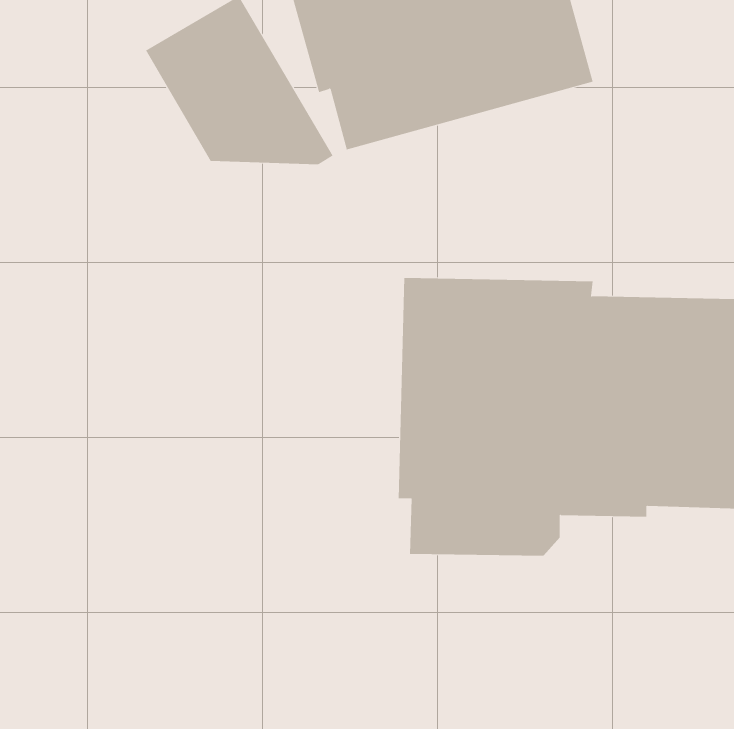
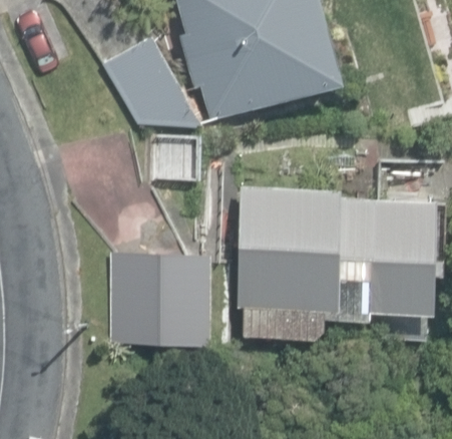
building: none -> [109,252,210,346]

